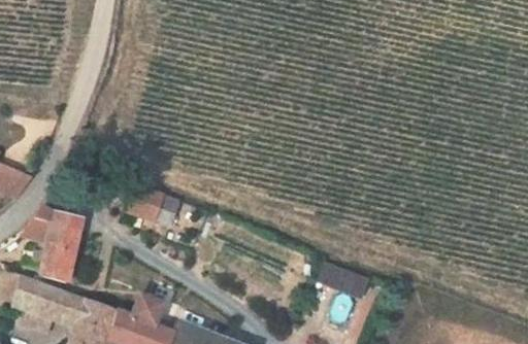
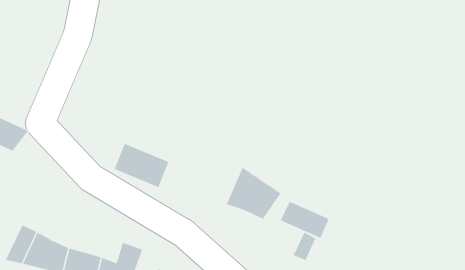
building: [37,203,82,282] -> none
building: none -> [226,167,281,219]

